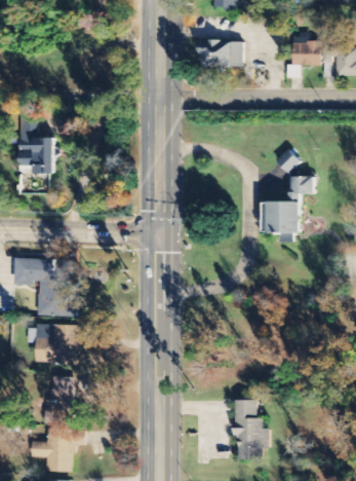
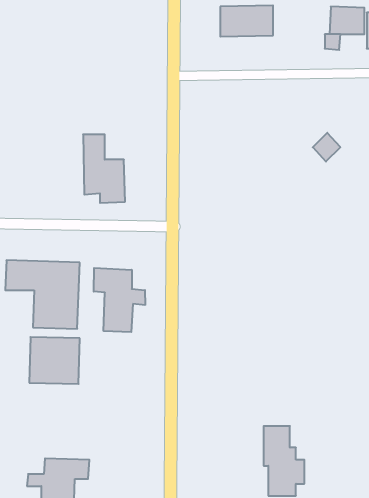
building: [17,115,53,174] -> [83,134,125,203]
building: [262,176,314,243] -> none
building: none -> [94,268,145,332]
building: [48,375,72,423] -> none

